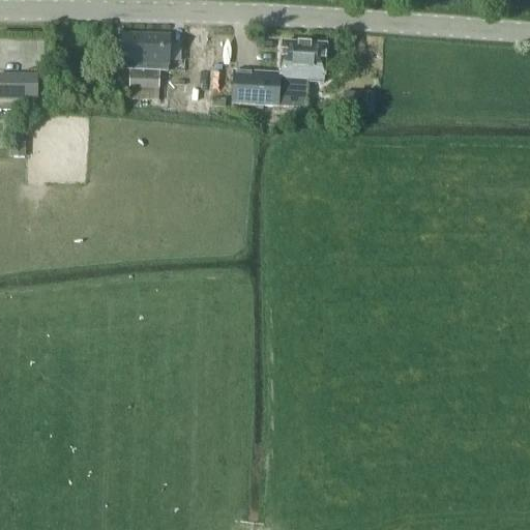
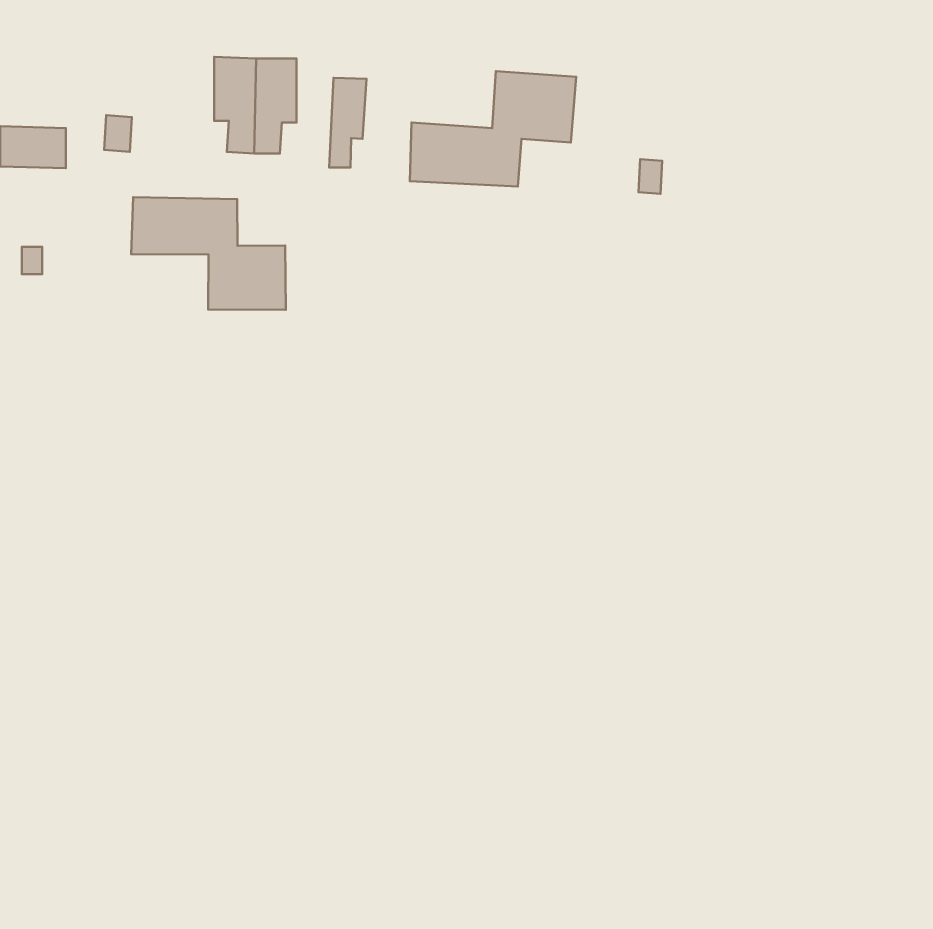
building: none -> [329,78,367,168]
building: none -> [131,197,286,310]

